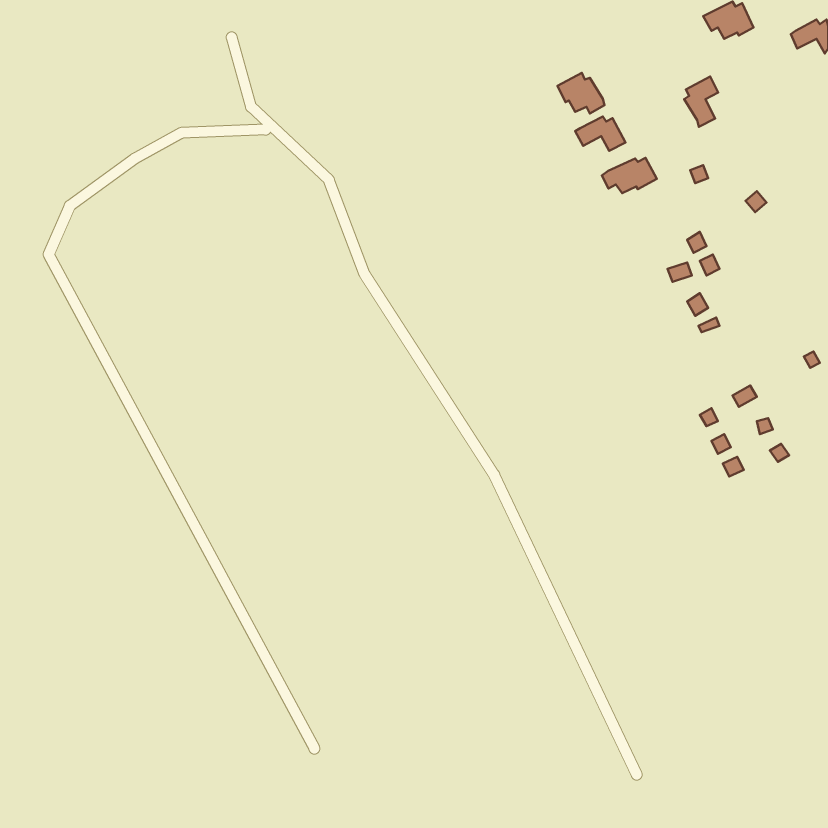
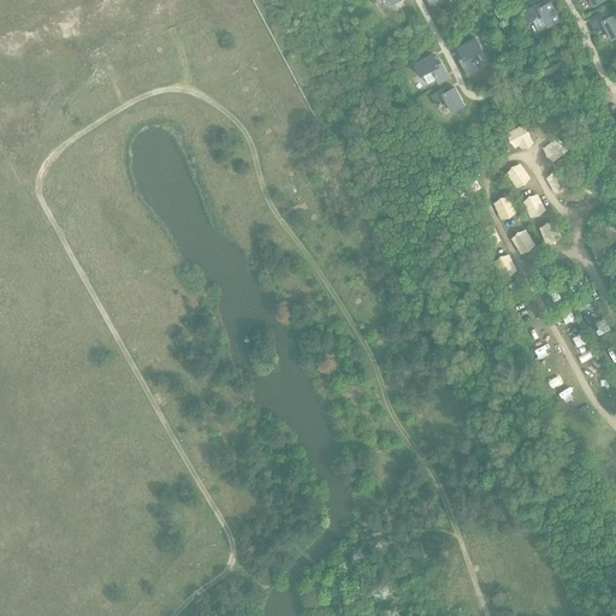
building: [684,76,718,127] -> [456,38,481,76]
building: [602,158,657,193] -> none

